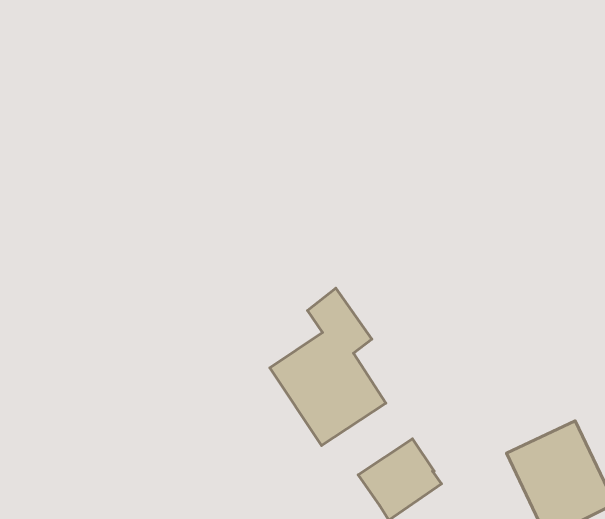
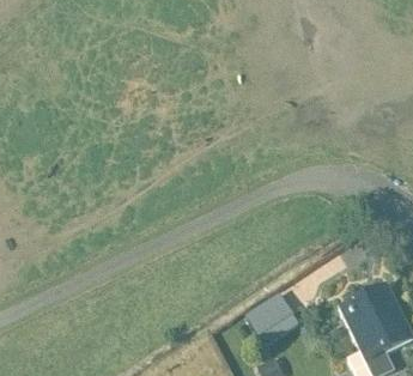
building: [270,288,386,445] -> none

